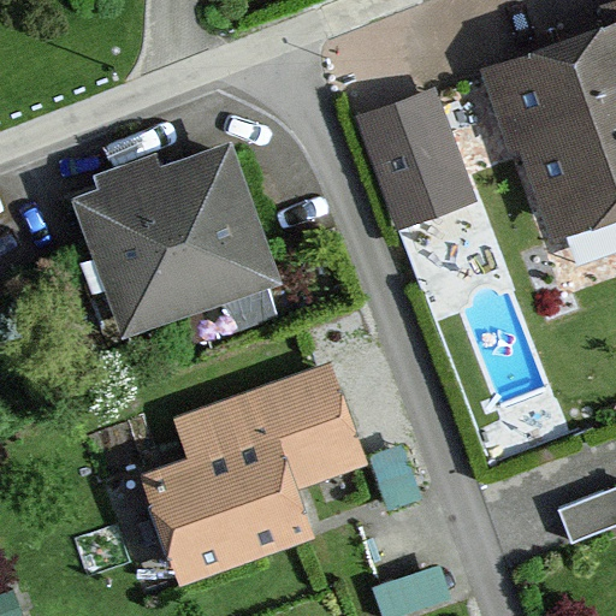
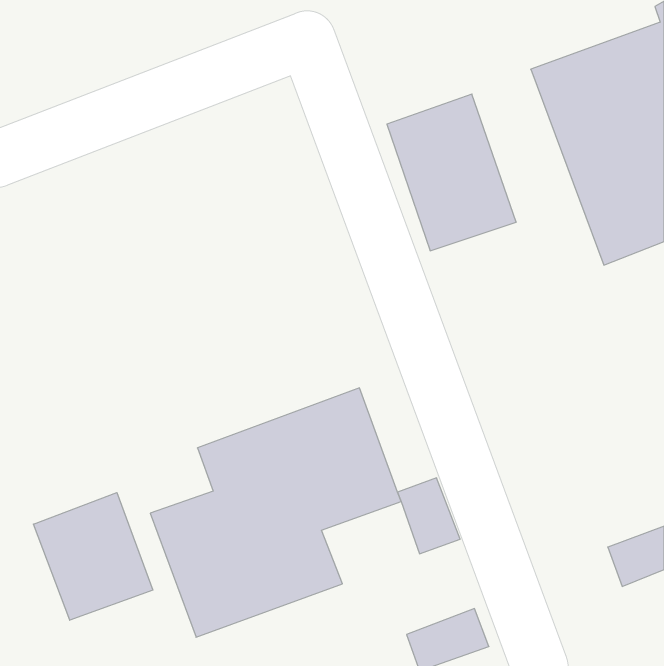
building: [72,146,276,340] -> none
building: none -> [33,493,153,620]

